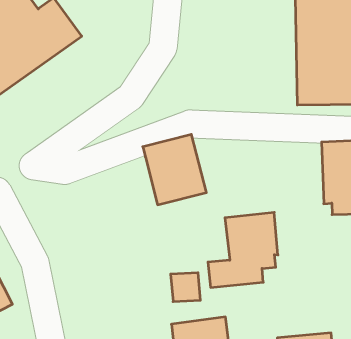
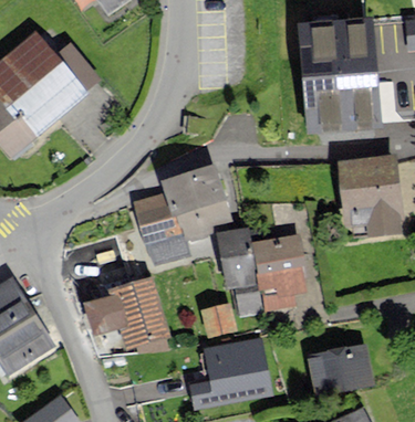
building: none -> [136,192,188,262]
building: none -> [220,230,258,291]
building: none -> [89,279,165,344]

